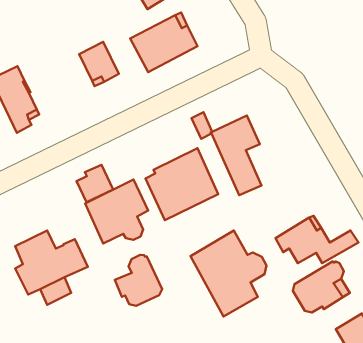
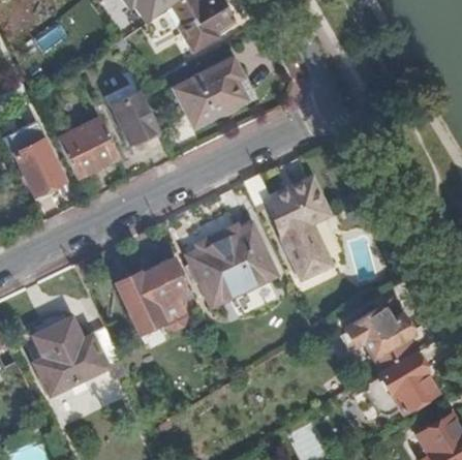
building: none -> [58,118,119,178]
building: [76,165,113,202] -> none
building: [190,231,266,317] -> none
building: [115,255,162,306] -> none

